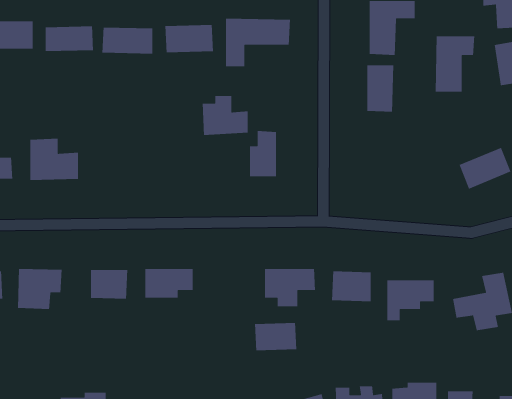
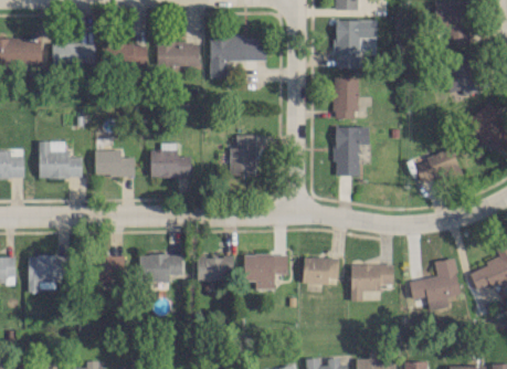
building: [435,36,475,92] -> [335,126,370,176]
building: [202,95,249,136] -> [150,143,191,178]
building: none -> [95,149,134,176]
building: [254,322,297,351] -> [197,255,234,281]

